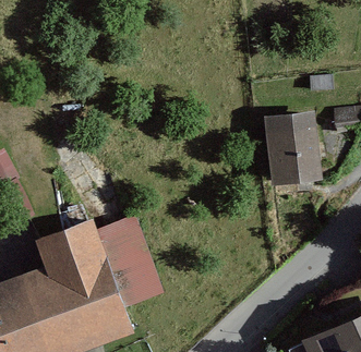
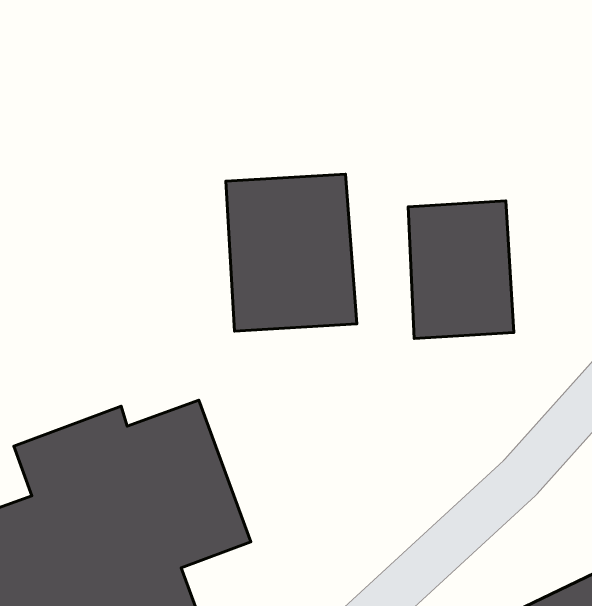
building: none -> [226,174,357,331]

